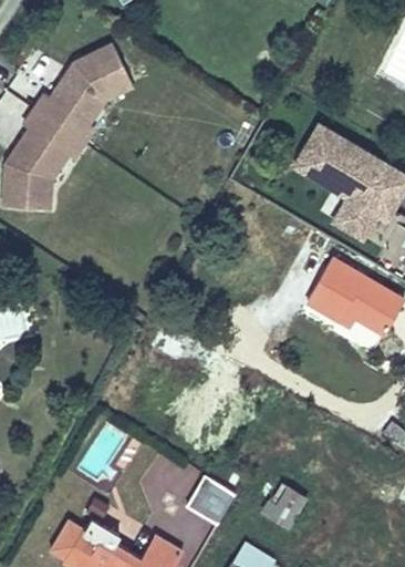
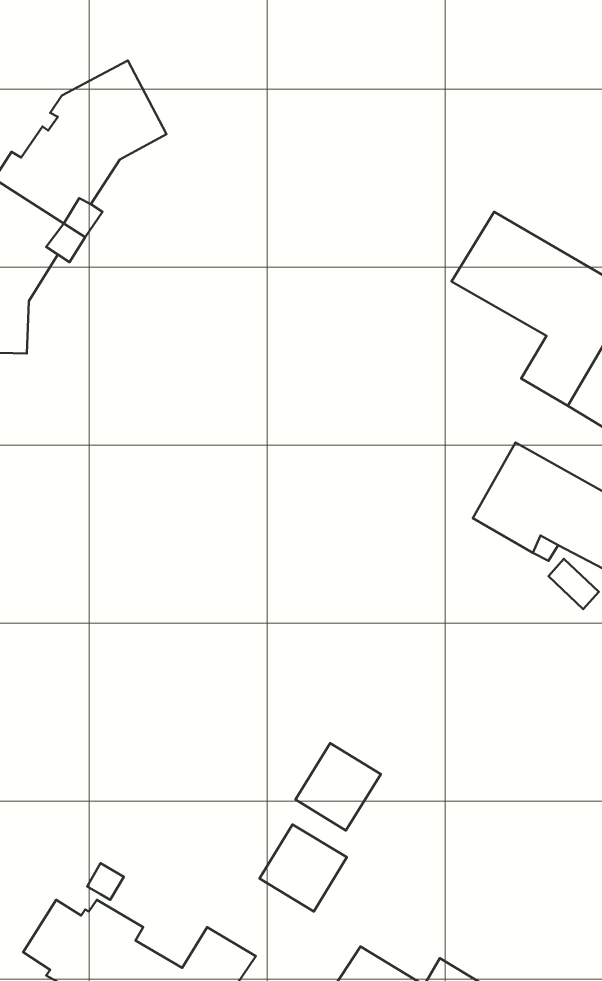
building: [260,482,309,532] -> [295,743,381,831]

